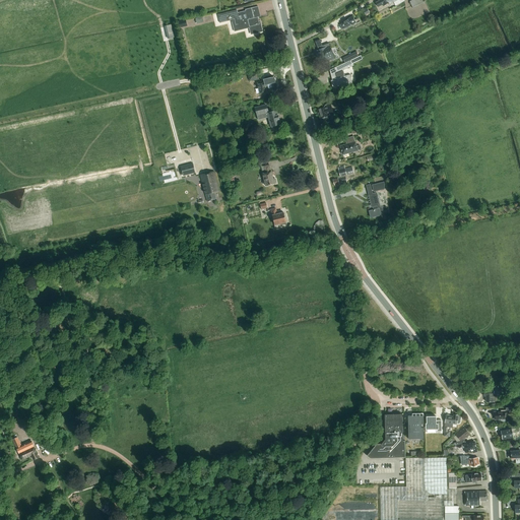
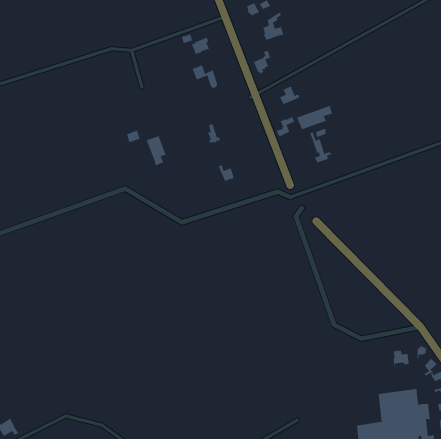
building: none -> [296,105,332,130]
building: [407,412,422,438] -> none
building: [366,413,404,457] -> none

